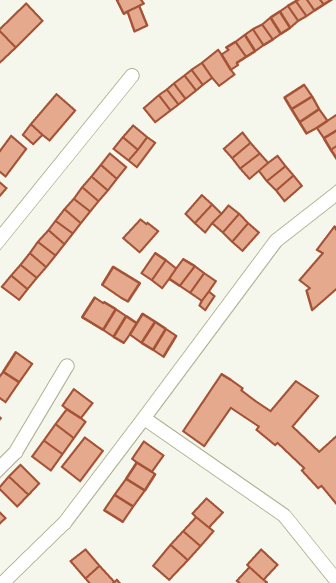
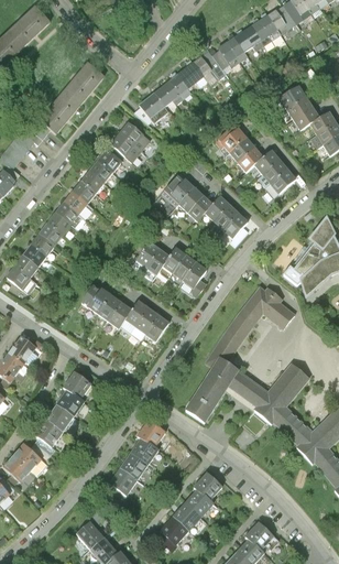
building: none -> [62,63,103,107]
building: [123,219,158,252] -> [166,176,199,207]
building: [102,267,140,302] -> none
building: none -> [210,284,293,362]
building: [62,438,103,481] -> none

